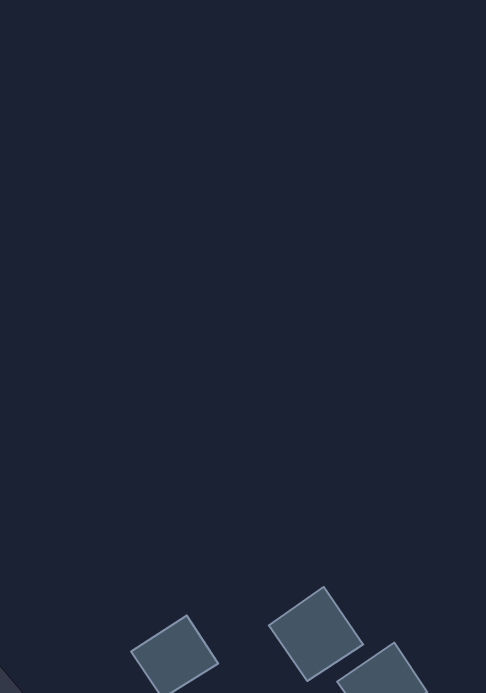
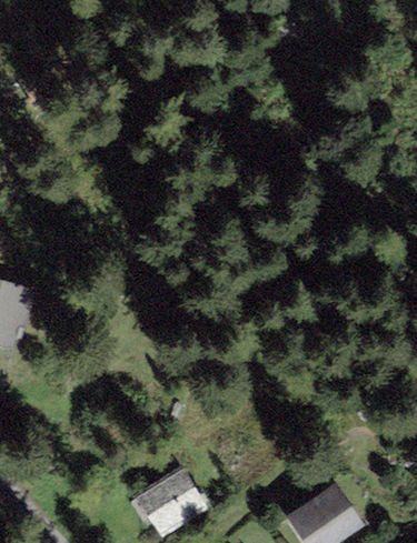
building: [269,587,363,681] -> none

